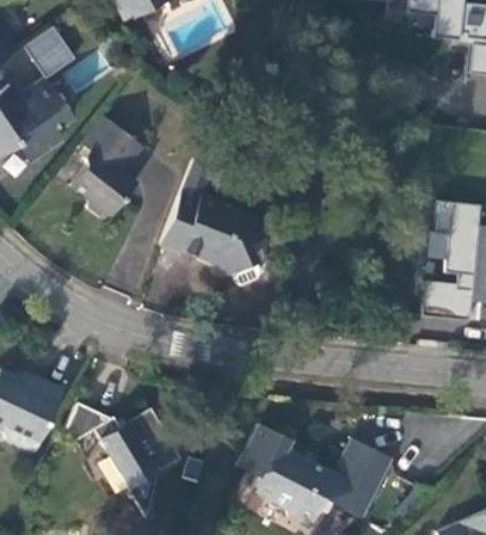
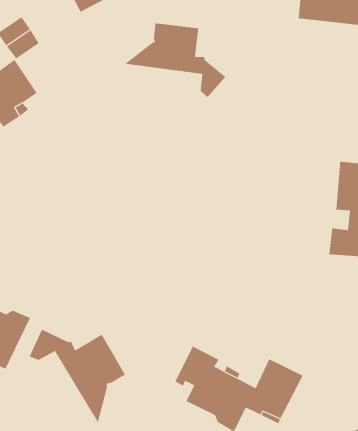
building: none -> [124,23,226,98]
building: [69,115,142,216] -> none
building: [159,150,263,284] -> none

